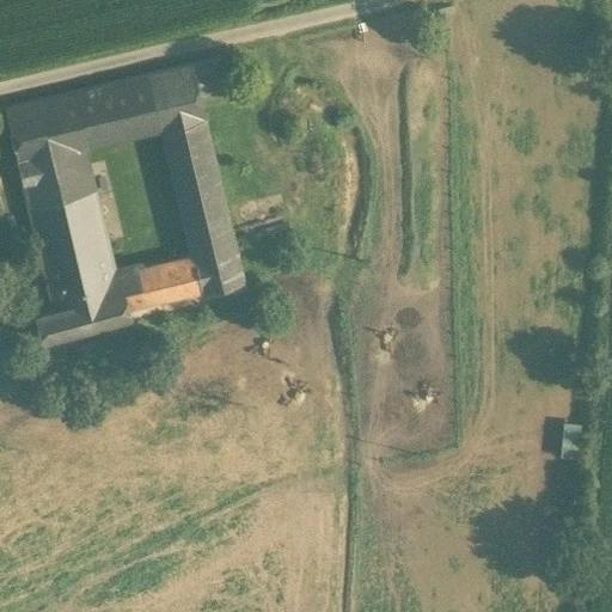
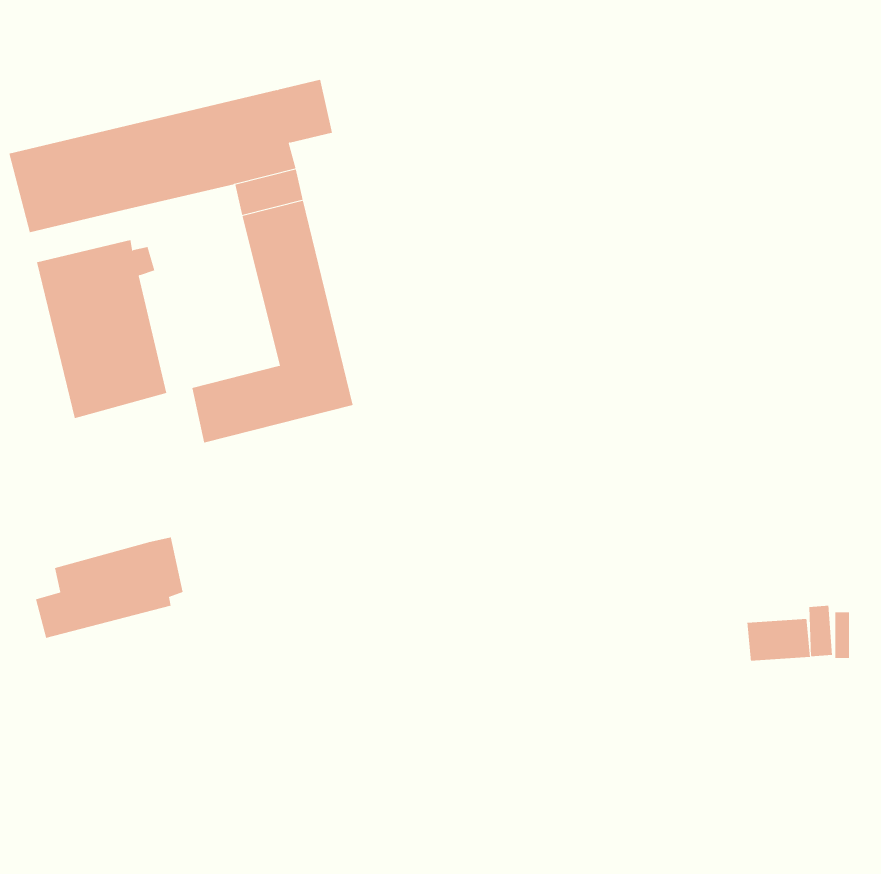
building: [20,151,91,186] -> none
building: [38,274,141,344] -> [35,537,184,639]
building: none -> [747,618,810,662]

